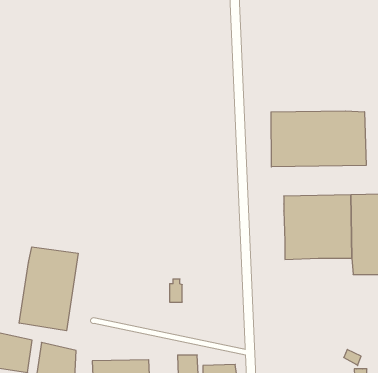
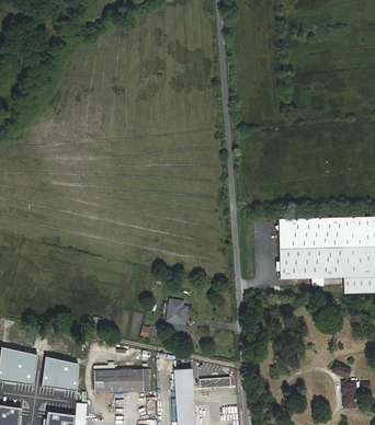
building: [271,111,366,167] -> none
building: [19,247,78,331] -> none

